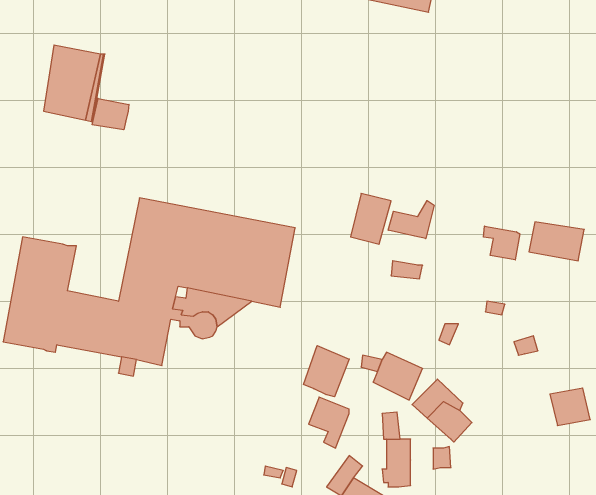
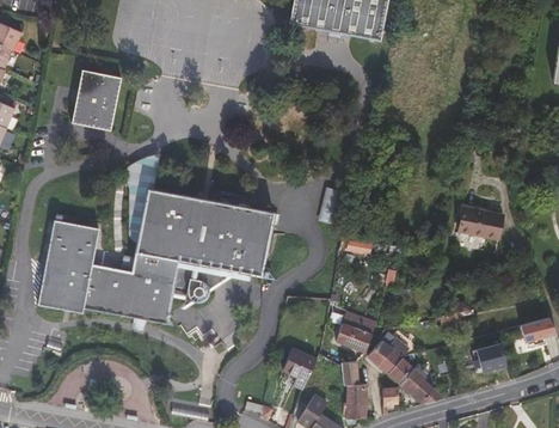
building: [92,98,129,130] -> none
building: [388,201,434,239] -> none
building: [484,226,520,260] -> none
building: [303,346,349,397] -> none
building: none -> [399,365,442,405]

